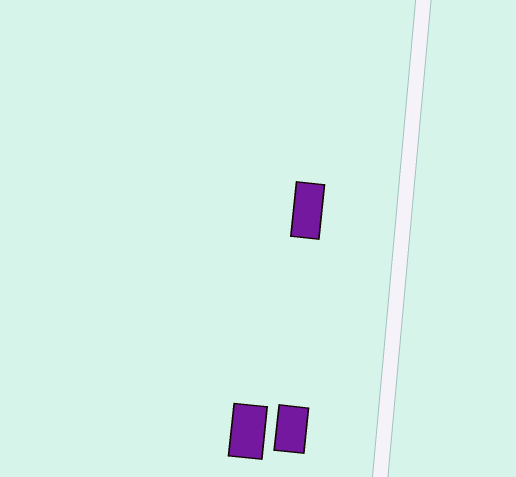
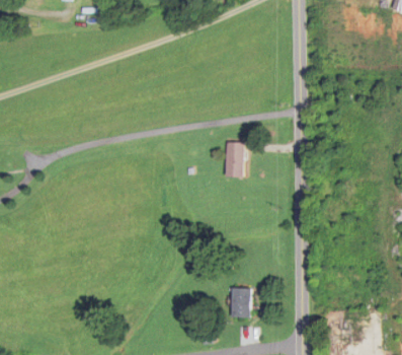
building: [228,403,267,459] -> none

